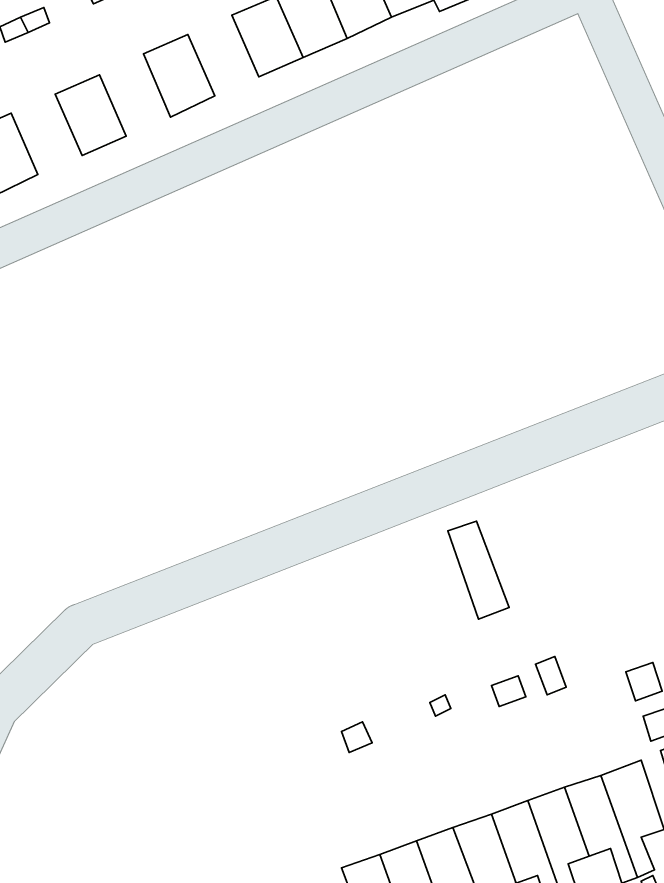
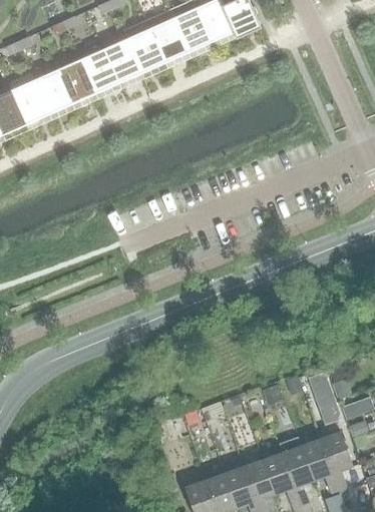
building: none -> [103,41,140,83]
building: none -> [57,61,94,104]
building: none -> [11,82,48,124]
building: [448,521,509,619] -> [308,373,340,424]

